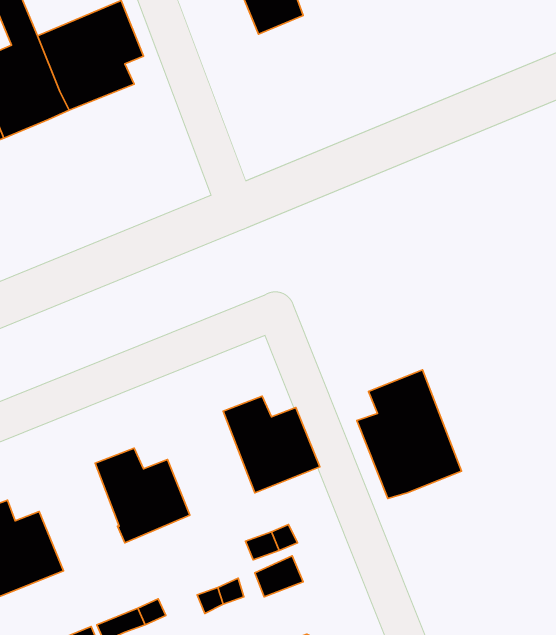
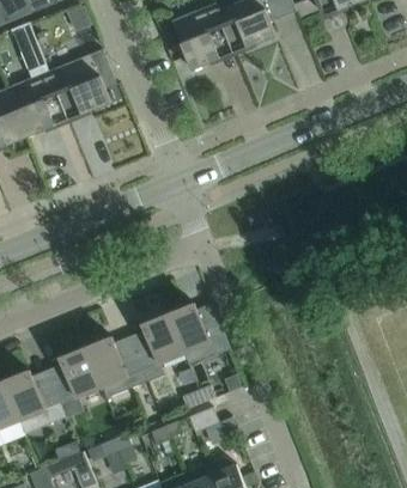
building: [357,370,461,498] -> none
building: none -> [132,312,183,379]
building: none -> [49,346,101,403]

